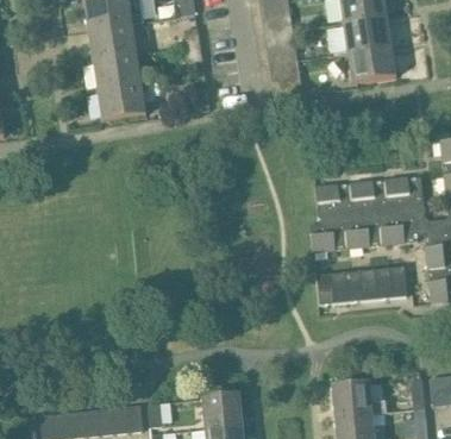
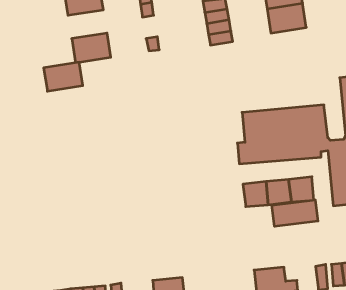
building: [93,54,143,90] -> [44,62,83,91]
building: none -> [272,200,318,226]

